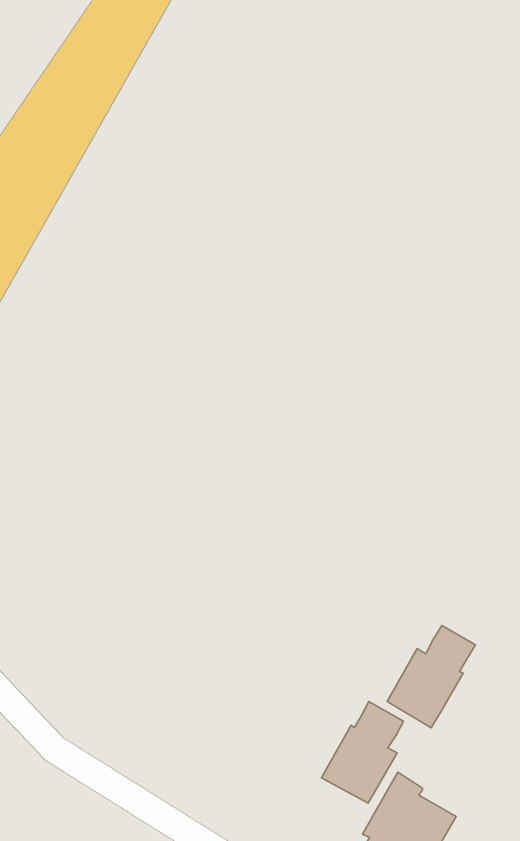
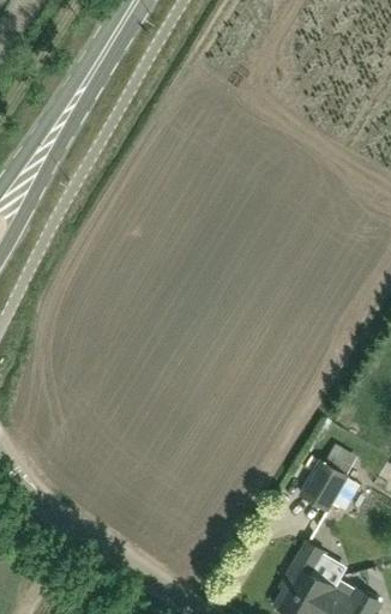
building: [322,701,403,803] -> none

